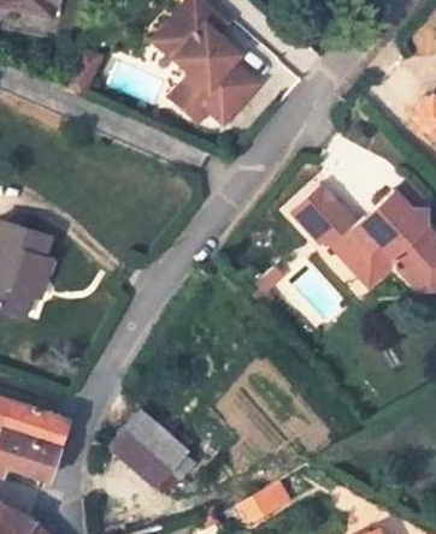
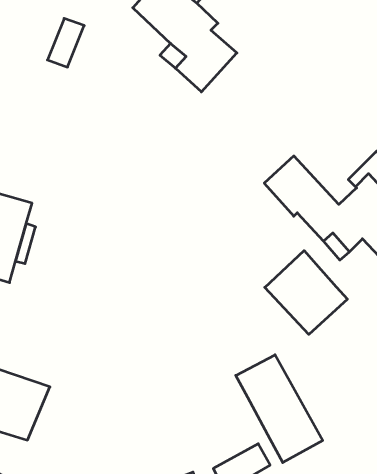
building: none -> [265,251,347,334]
building: none -> [236,355,323,463]
building: [113,408,195,493] -> none

